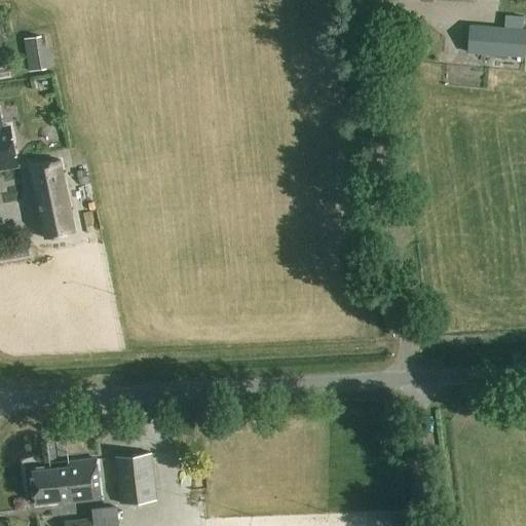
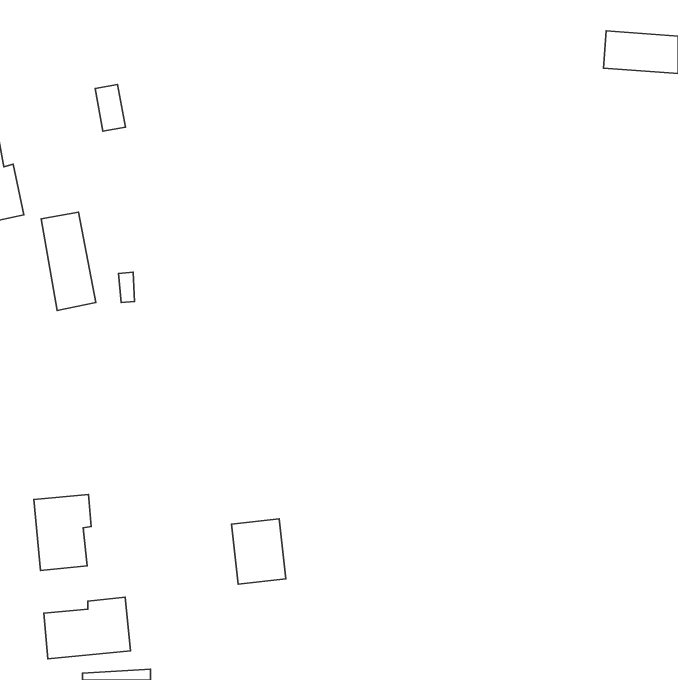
building: [21,35,44,71] -> [95,84,126,131]
building: none -> [34,494,91,571]
building: [113,452,155,502] -> [231,519,286,584]

